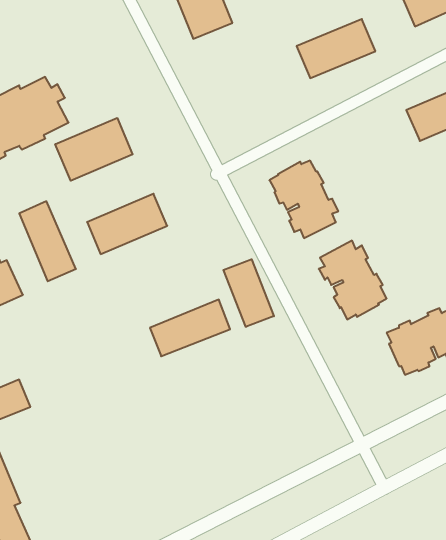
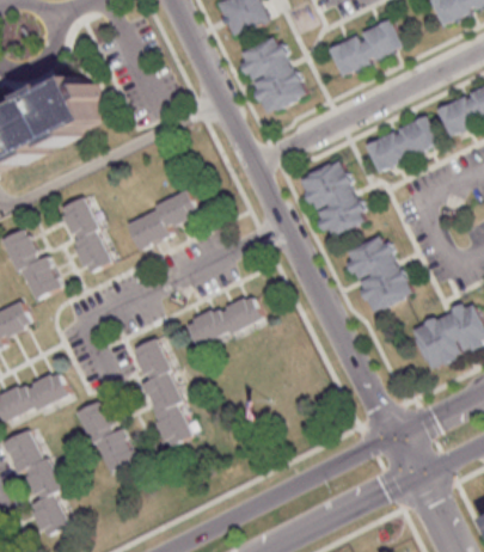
building: none -> [235,33,306,115]
building: [55,118,133,181] -> none
building: none -> [362,116,439,173]
building: [223,259,274,327] -> none
building: none -> [130,338,195,447]
building: none -> [76,397,134,473]

